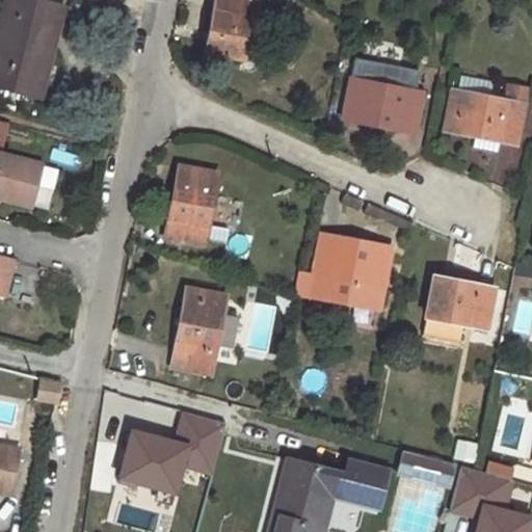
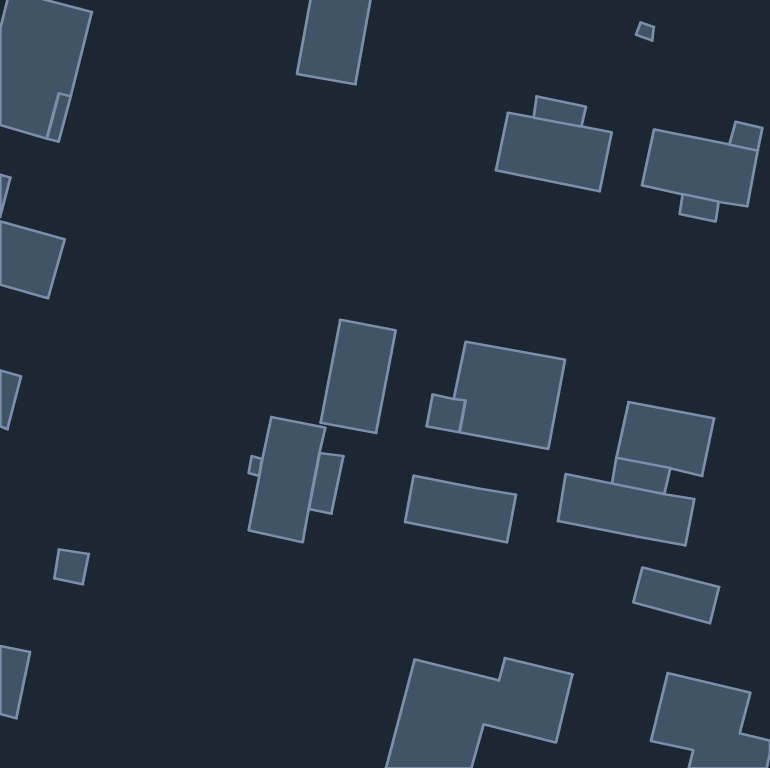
building: [164,166,216,244] -> [320,320,396,433]
building: none -> [558,474,694,546]
building: none -> [405,476,516,542]
building: [117,411,224,493] -> none
building: [396,447,455,485] -> [633,568,719,623]

